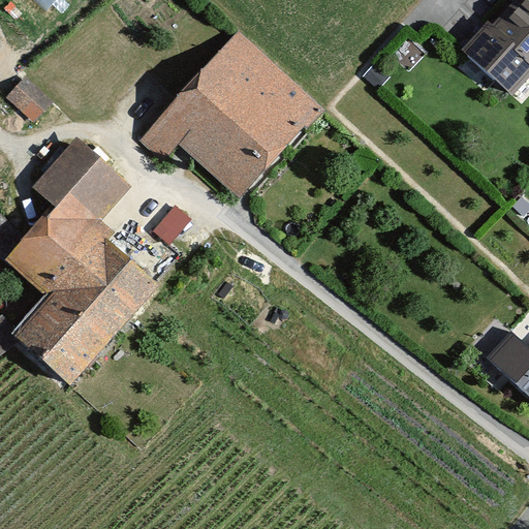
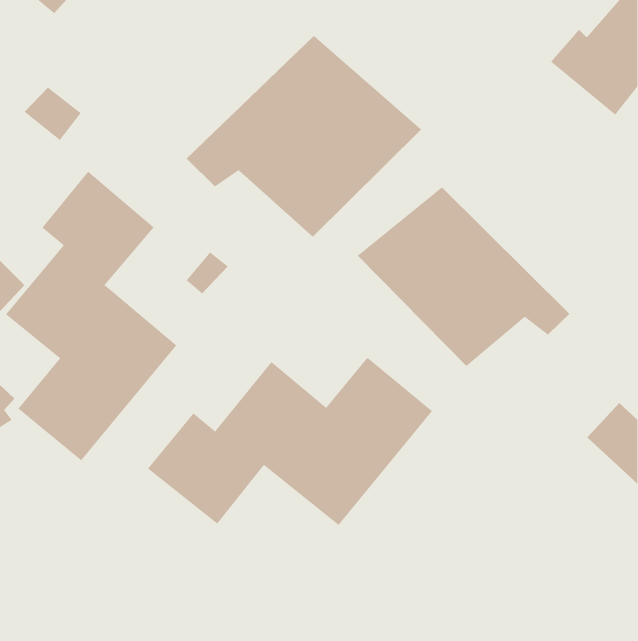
building: none -> [357,187,570,367]
building: none -> [147,357,433,526]

